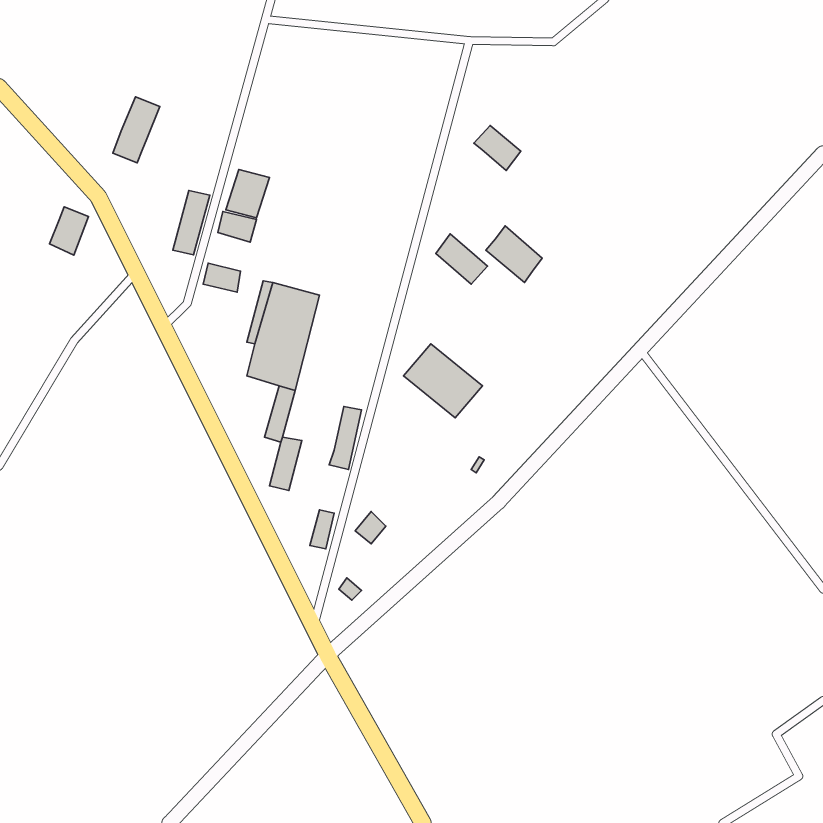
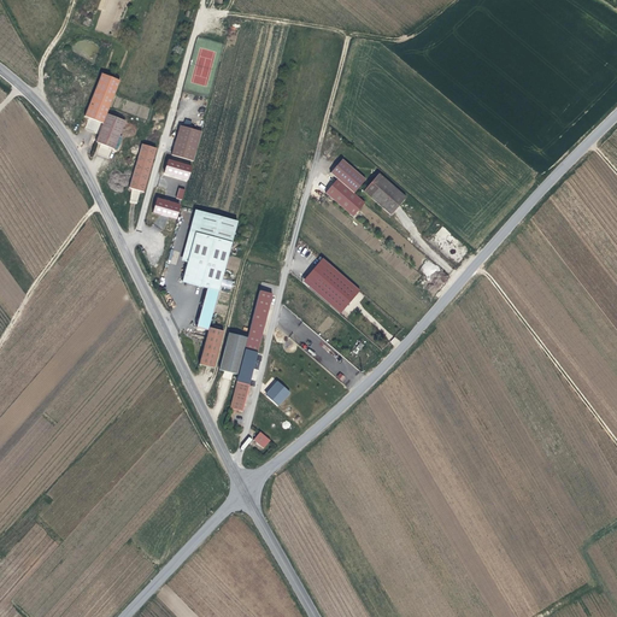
building: [474,125,521,171] -> [330,157,365,190]
building: [50,207,88,255] -> [95,112,124,148]
building: none -> [222,331,249,374]

